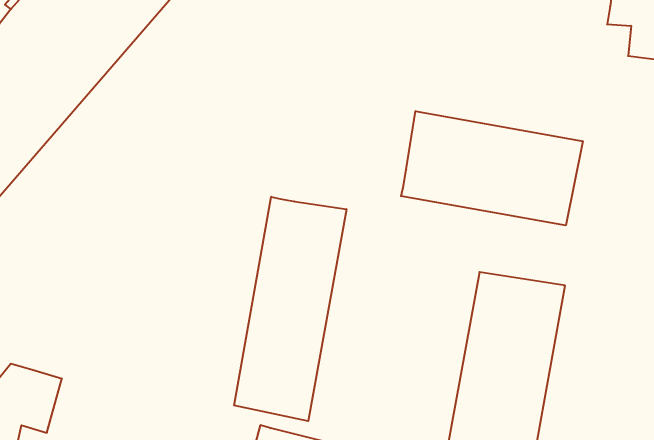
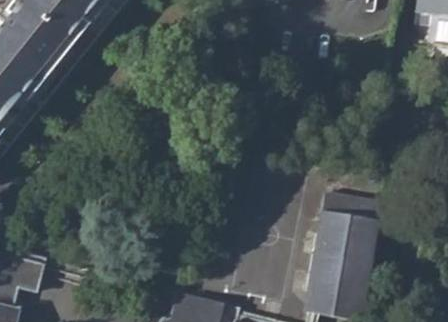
building: [401,111,583,225] -> none
building: [234,197,346,421] -> none

